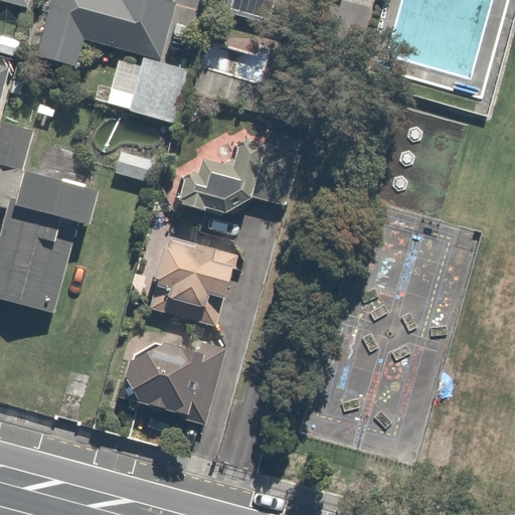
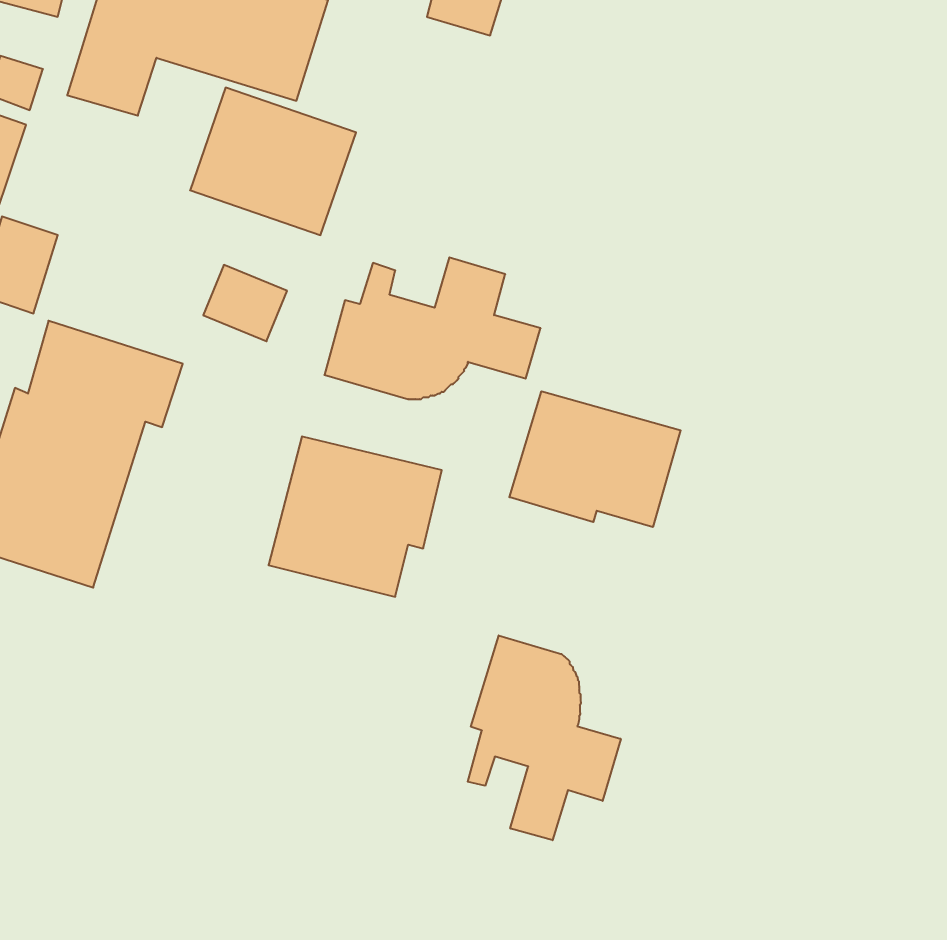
building: none -> [509,391,681,527]
building: [113,333,225,423] -> none
building: none -> [468,635,621,840]

